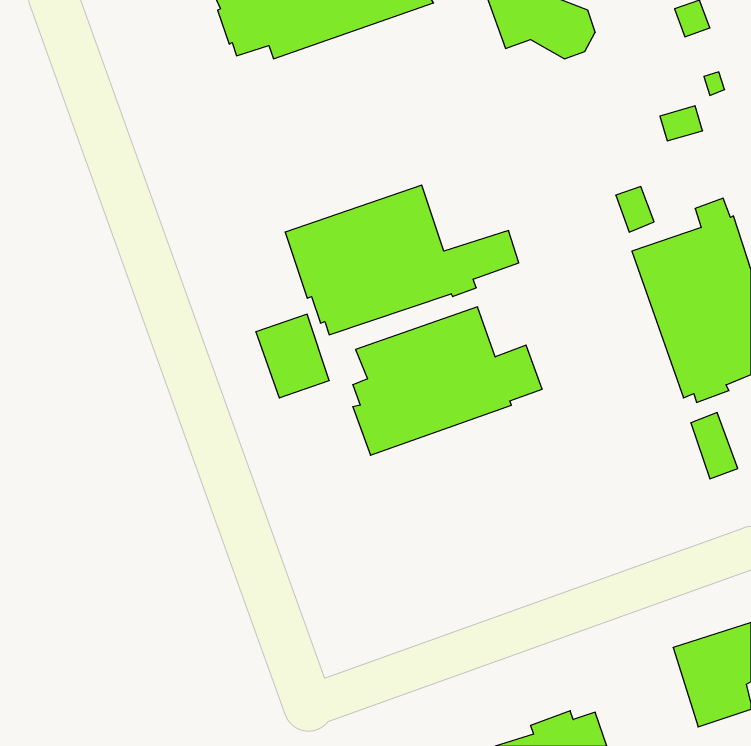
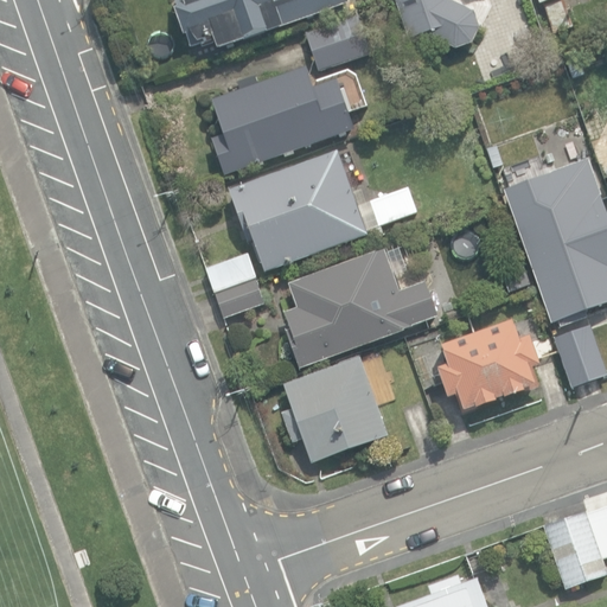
building: none -> [306,13,371,69]
building: none -> [212,66,354,174]
building: none -> [437,318,542,409]
building: none -> [280,354,390,462]

